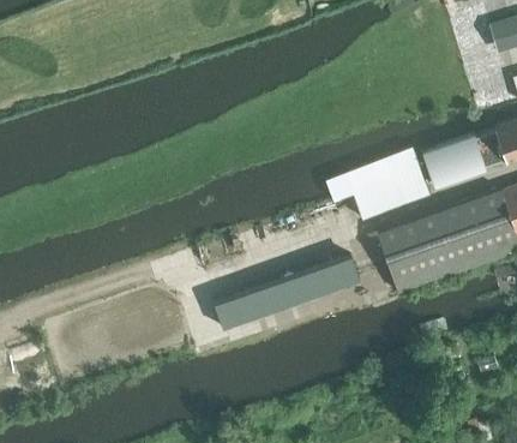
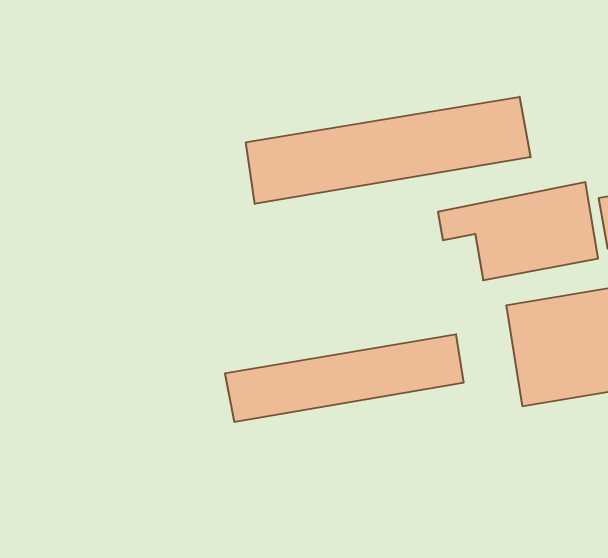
building: none -> [246,97,531,204]

